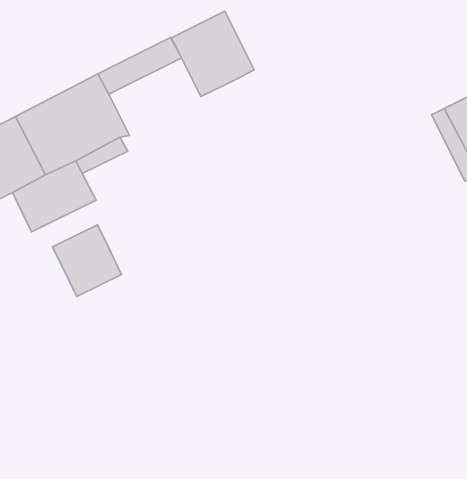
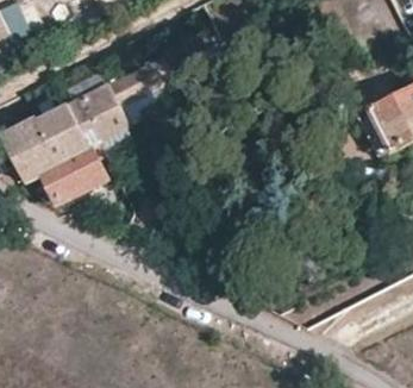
building: [172,11,254,97] -> none
building: [52,225,122,297] -> none

